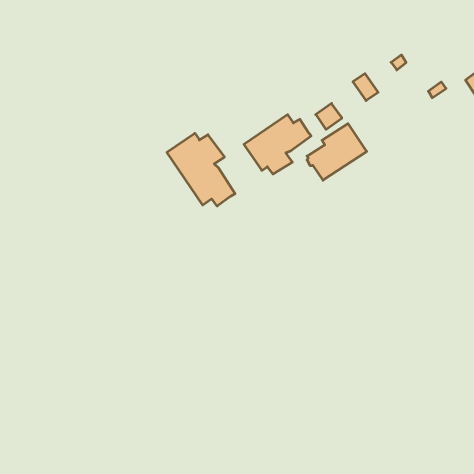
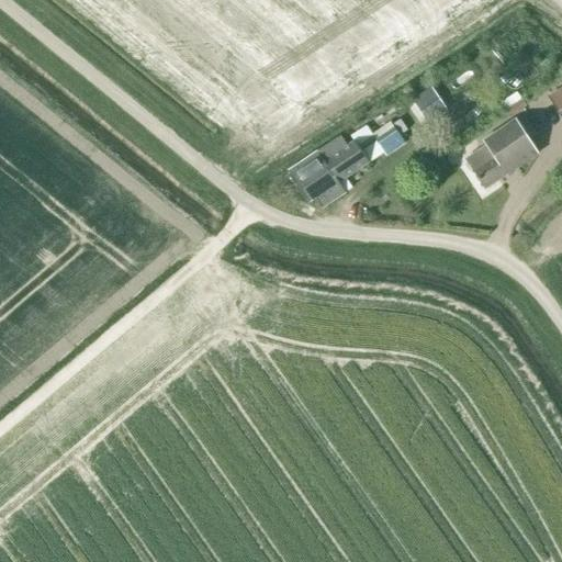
building: [307,124,367,180] -> [468,120,538,187]
building: [167,133,235,206] -> none

